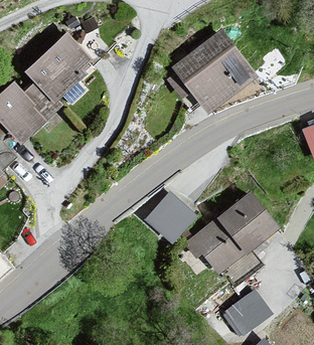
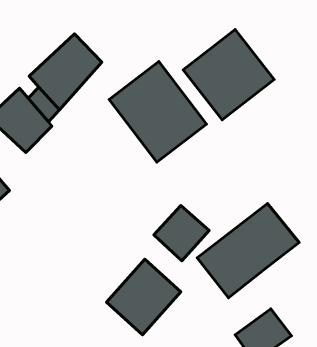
building: none -> [109,61,206,162]
building: none -> [107,259,181,335]

